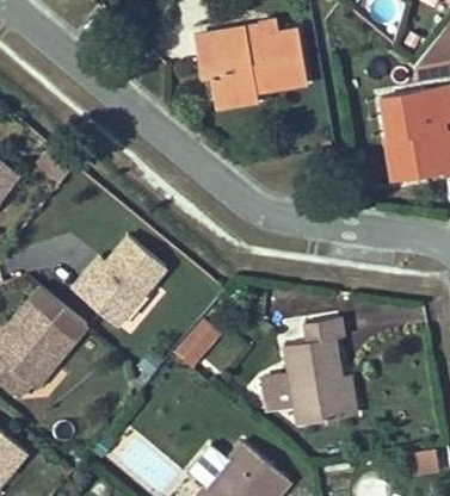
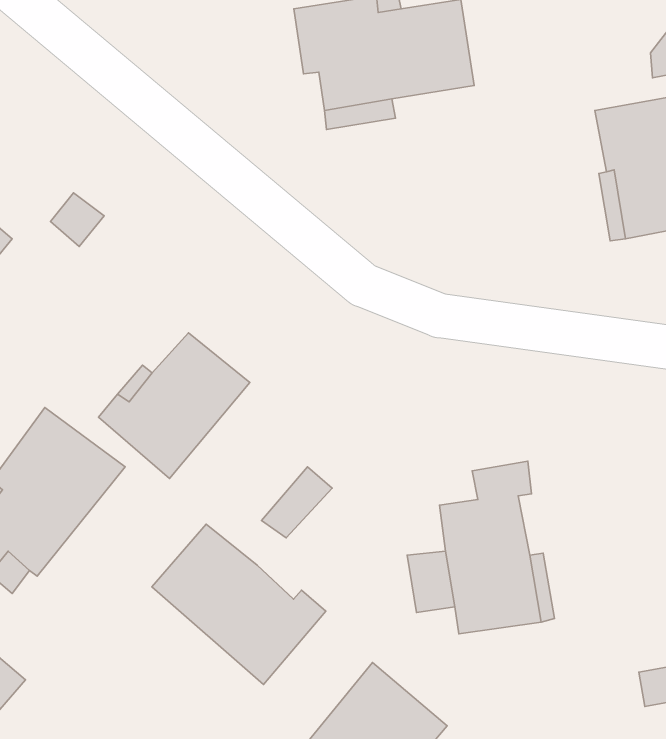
building: none -> [152,524,326,685]

